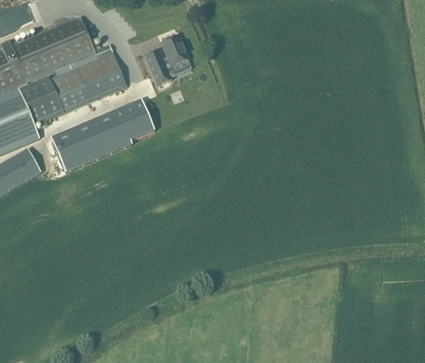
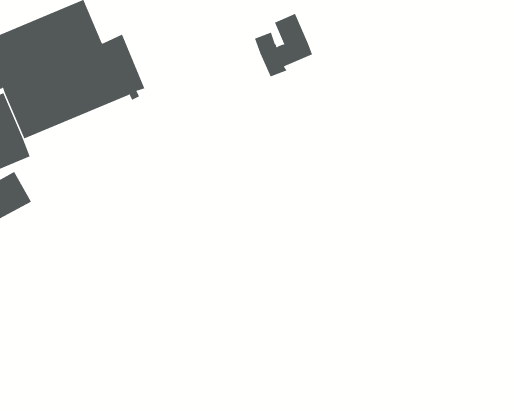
building: [145,36,190,85] -> [254,13,313,77]
building: [50,99,154,172] -> none

